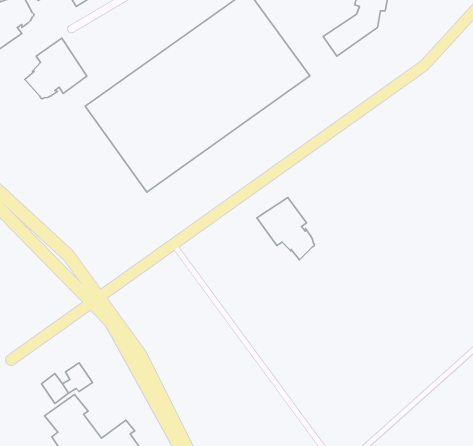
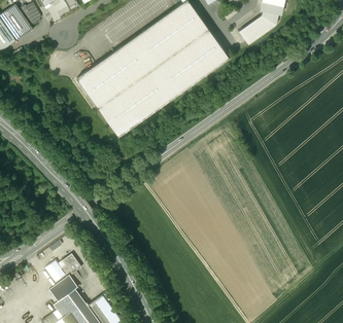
building: [25,38,87,99] -> none
building: [257,197,314,260] -> none

